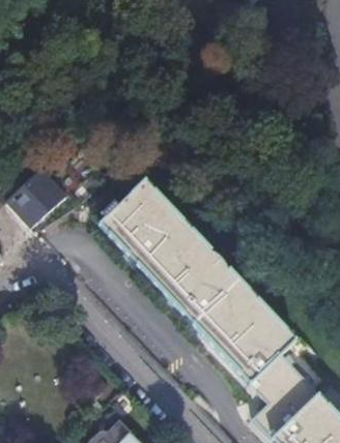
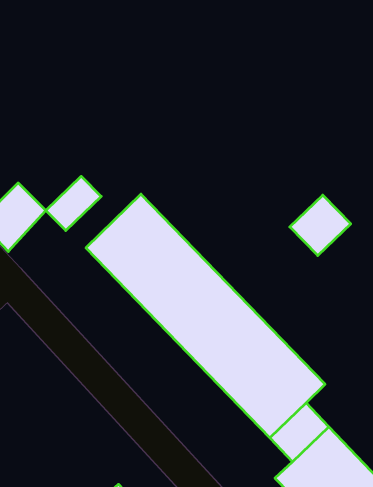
building: none -> [46,176,101,231]
building: none -> [290,195,351,256]

